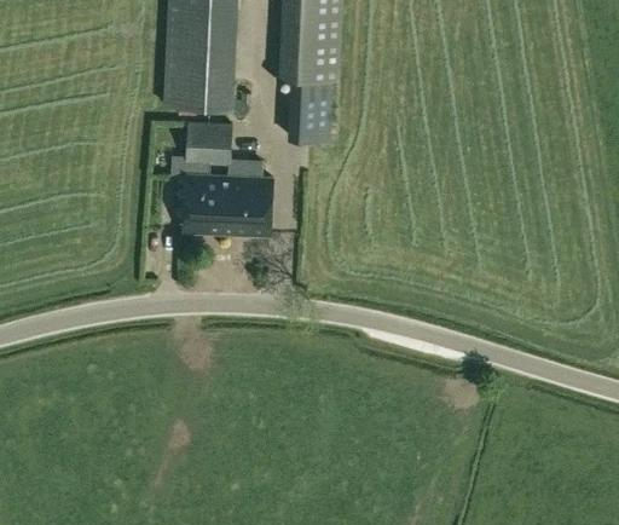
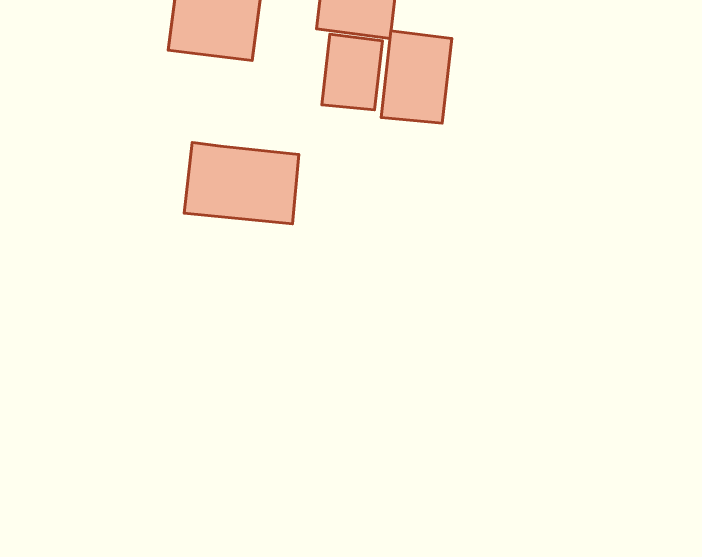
building: none -> [381,31,452,123]
building: [185,125,232,179] -> none

